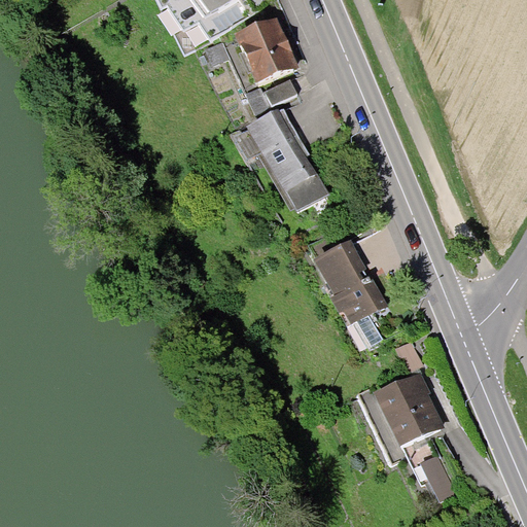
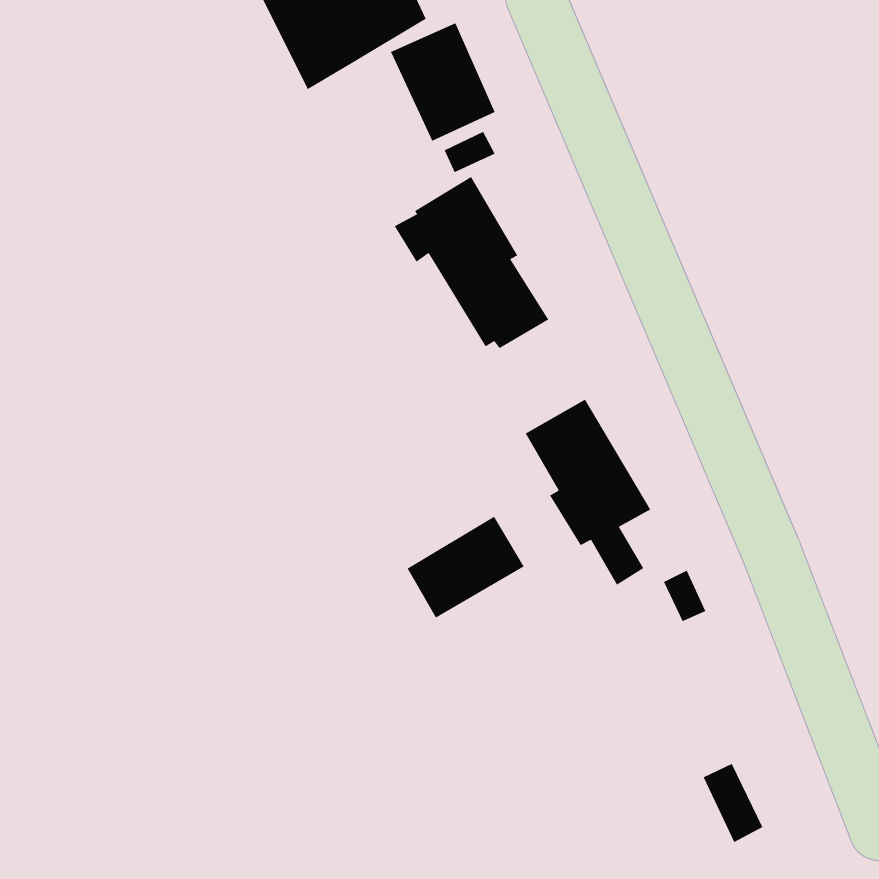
building: none -> [407,516,524,618]
building: [373,371,442,448] -> none

